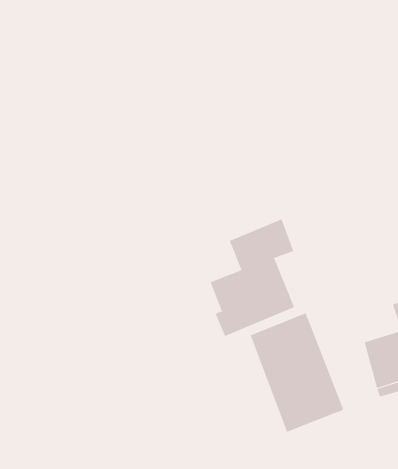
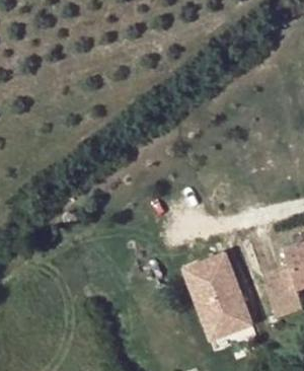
building: [210,218,295,337] -> none

